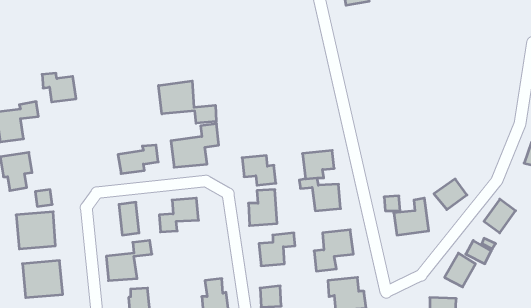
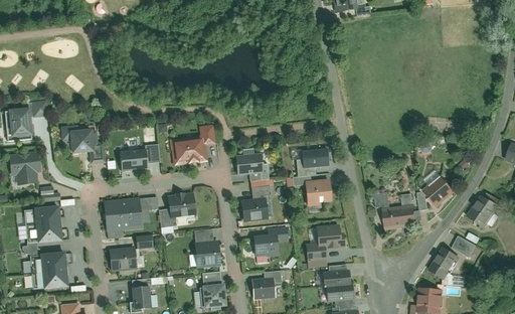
building: [42,73,76,102] -> [61,126,94,153]
building: [159,81,216,123] -> none
building: none -> [105,199,125,230]
building: none -> [195,228,220,264]

